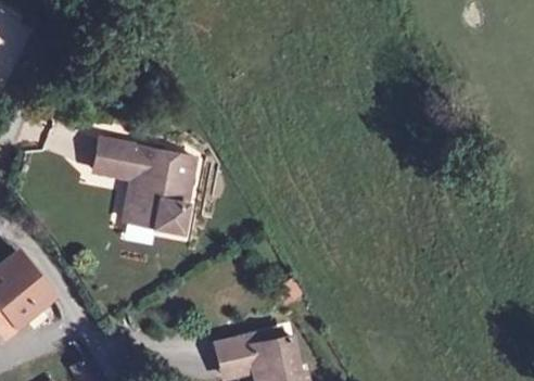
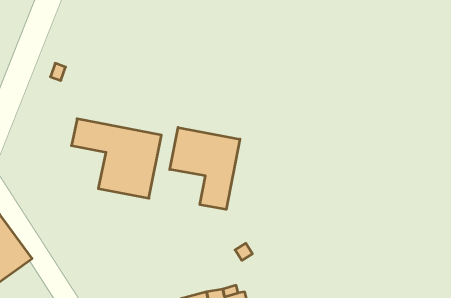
building: none -> [170,127,240,209]

